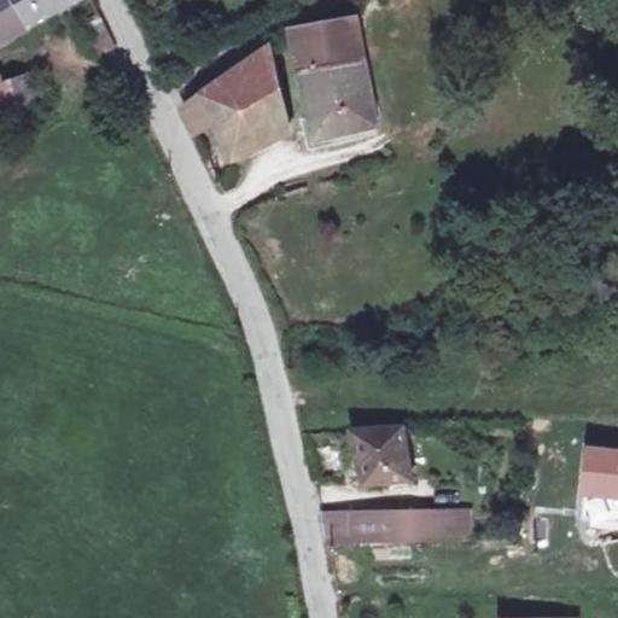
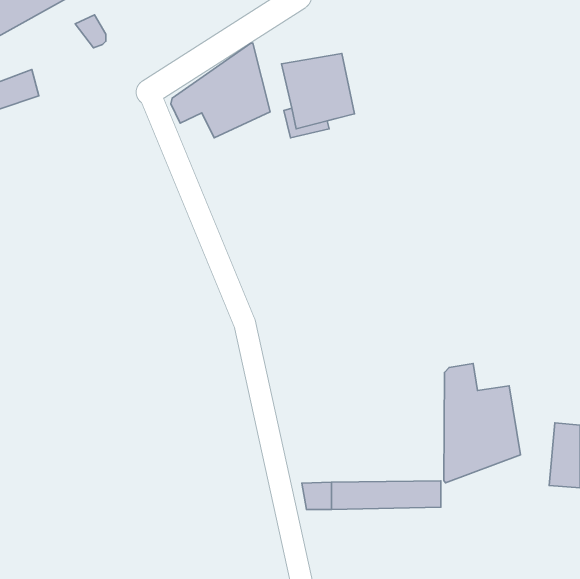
building: [295,14,362,68] -> none
building: none -> [444,364,521,483]
building: [351,426,410,482] -> none

